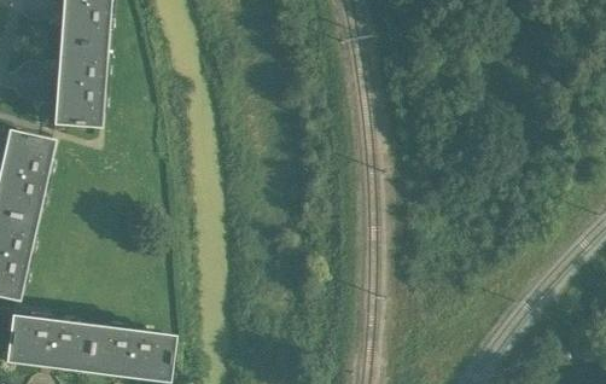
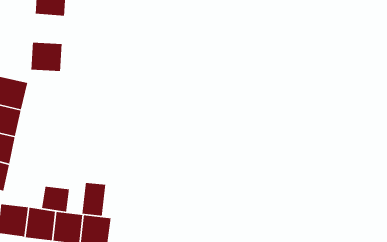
building: [58,41,105,83] -> none
building: none -> [81,182,106,216]
building: none -> [41,186,70,212]

